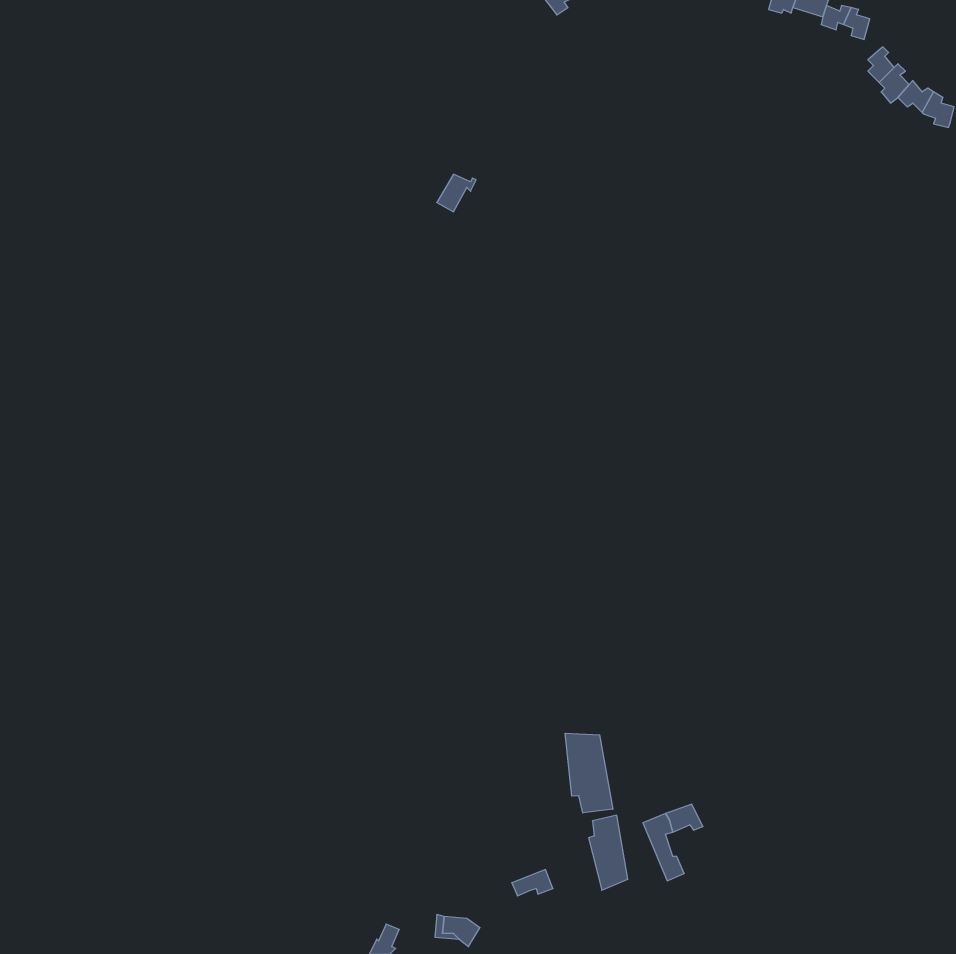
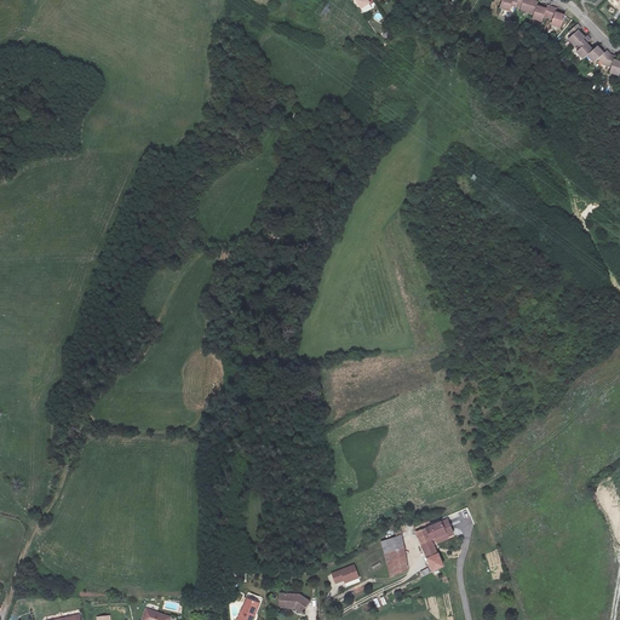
building: [565,733,613,813] -> none

